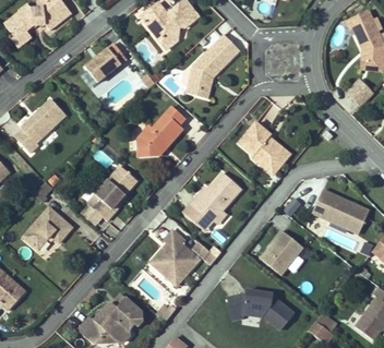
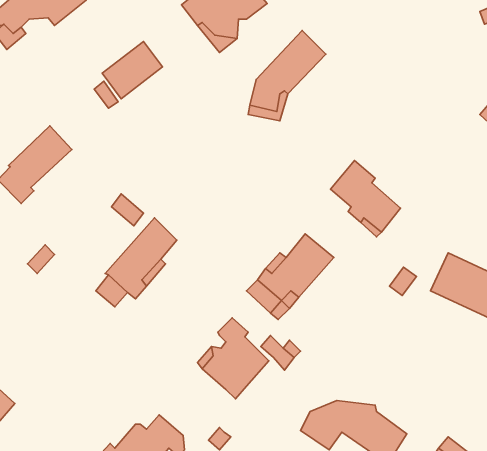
building: [140,105,185,154] -> none
building: [23,205,73,249] -> none
building: [259,228,308,274] -> none

